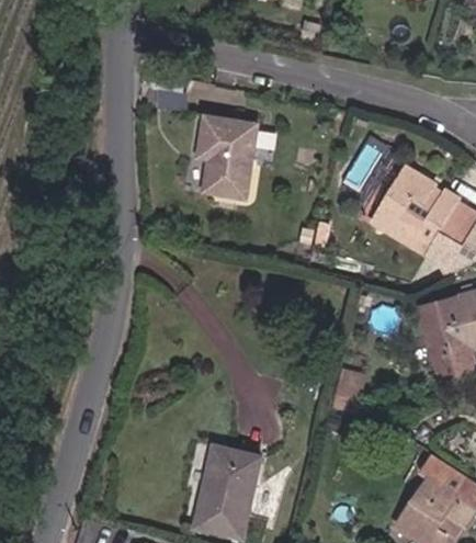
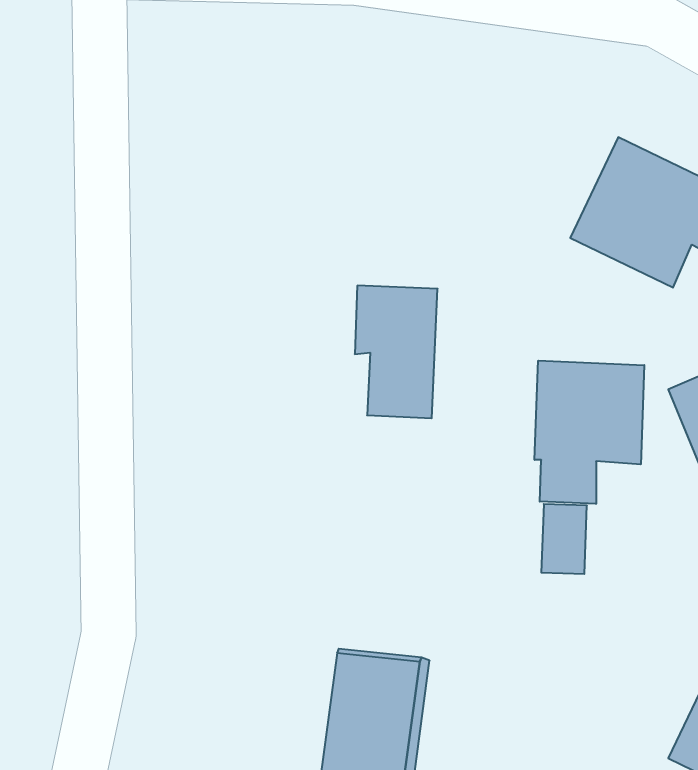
building: [201,120,251,199] -> [355,286,438,418]
building: none -> [535,361,644,504]

